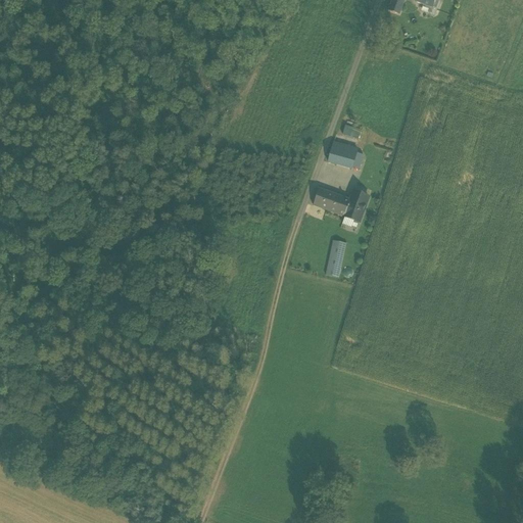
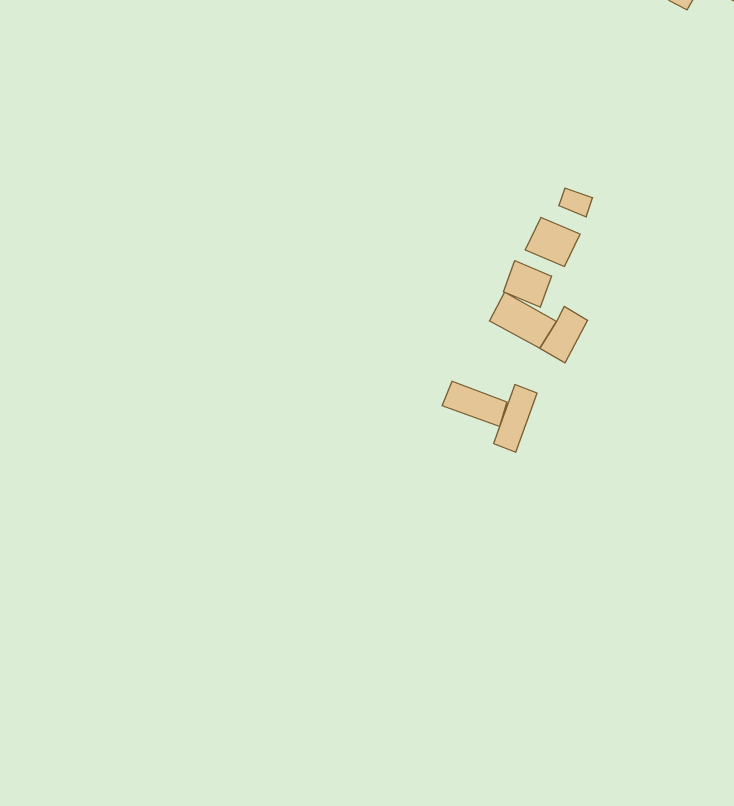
building: none -> [504,261,552,307]
building: none -> [442,381,507,427]

